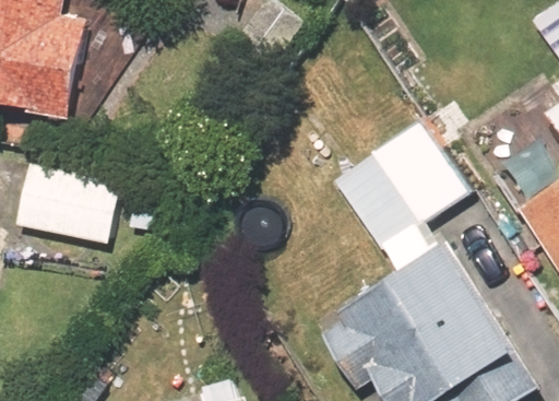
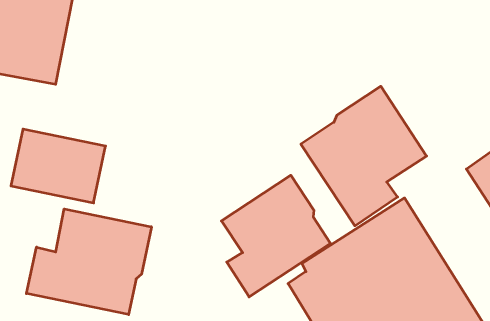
building: none -> [221,175,330,297]
building: none -> [26,209,151,315]

